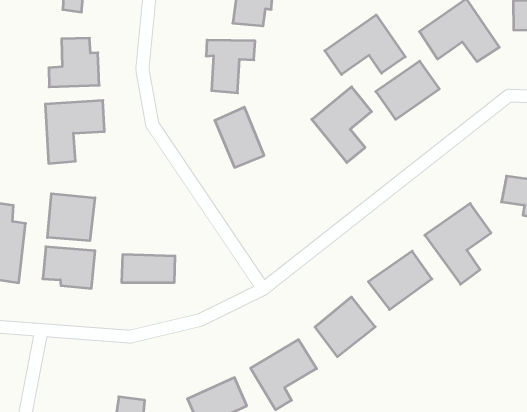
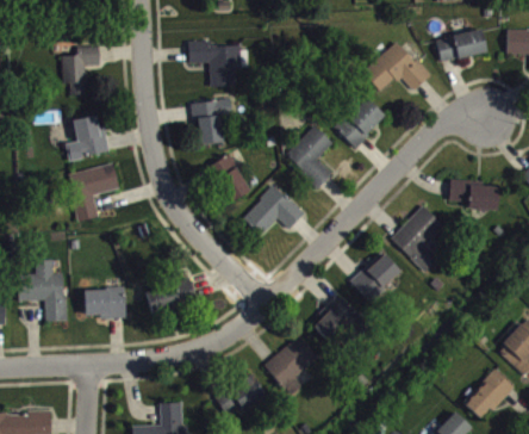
building: [325,15,405,75] -> none
building: none -> [242,185,304,235]
building: [47,194,95,241] -> none

